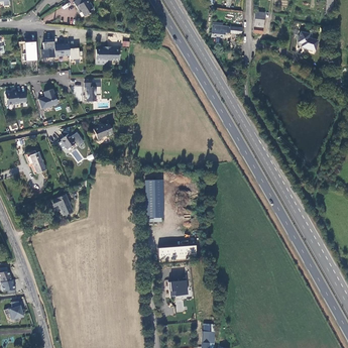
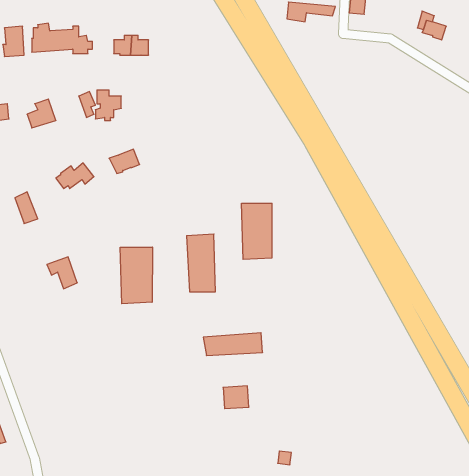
building: none -> [242,203,272,259]
building: none -> [120,247,152,304]

